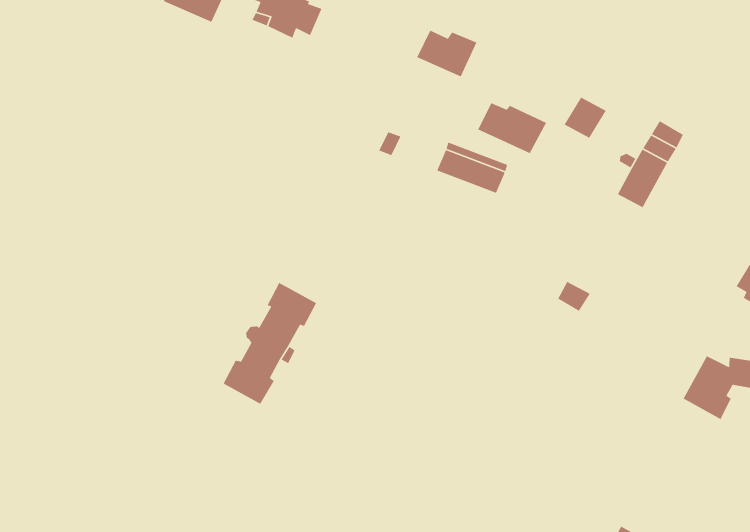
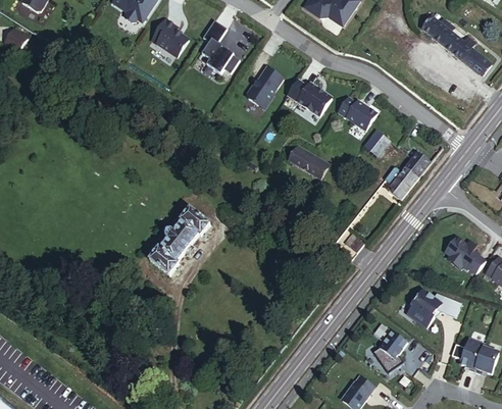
building: none -> [242,69,282,113]
building: [477,102,547,154] -> [338,95,378,127]
building: none -> [372,329,407,371]

